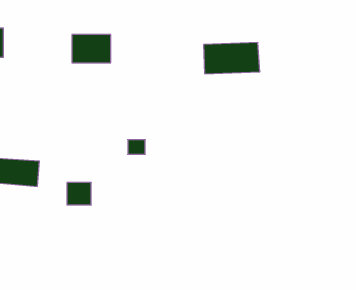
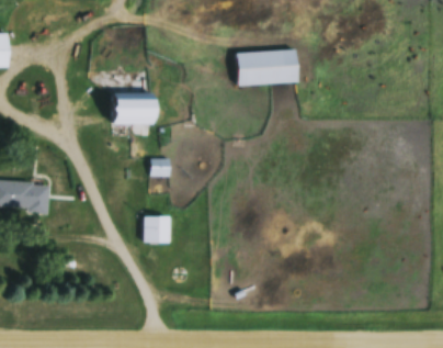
building: [72,35,111,63] -> [113,93,157,125]
building: [67,183,91,205] -> [141,217,169,243]

